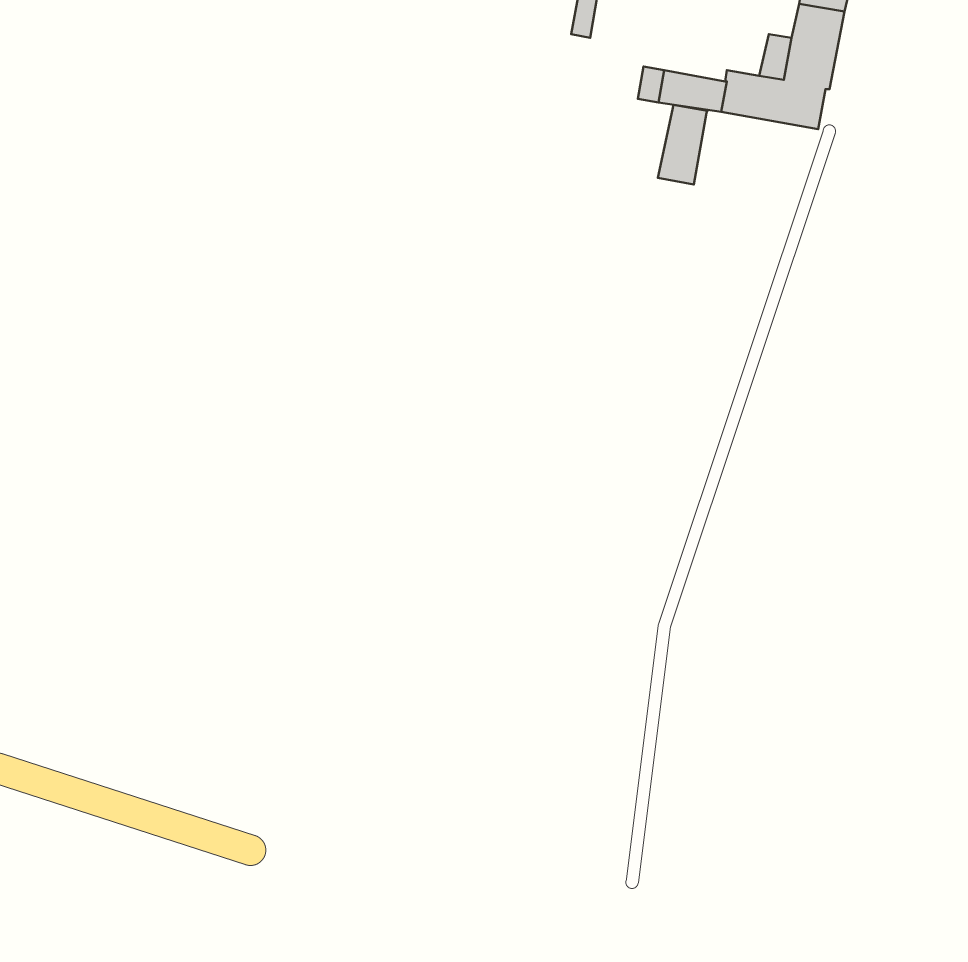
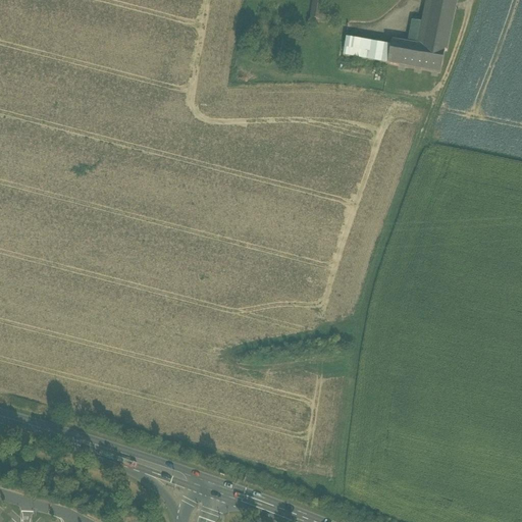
building: [658,105,707,185] -> none

